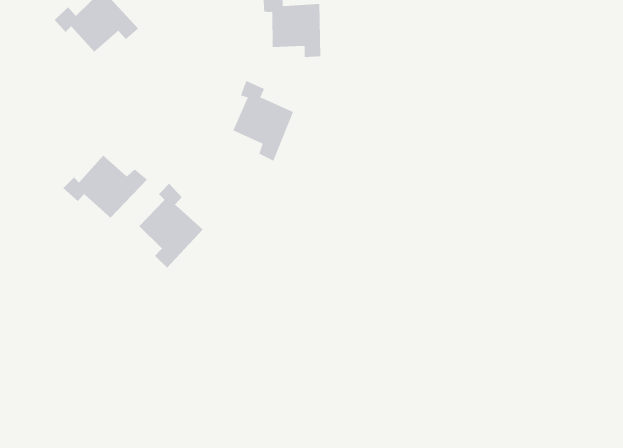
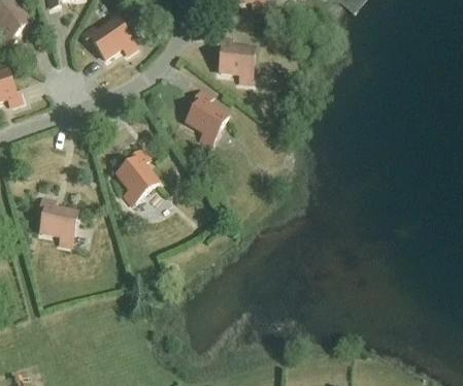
building: [63,155,148,218] -> none
building: none -> [40,196,77,244]

